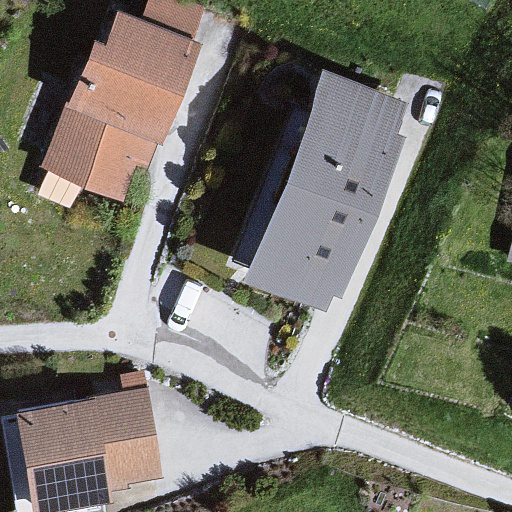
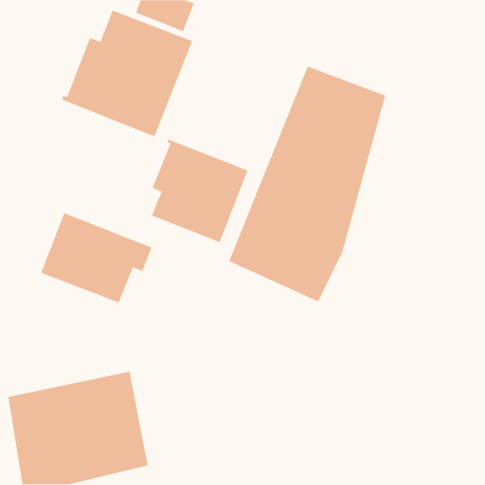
building: [40,105,158,201] -> [40,212,152,303]
building: none -> [151,139,249,243]

